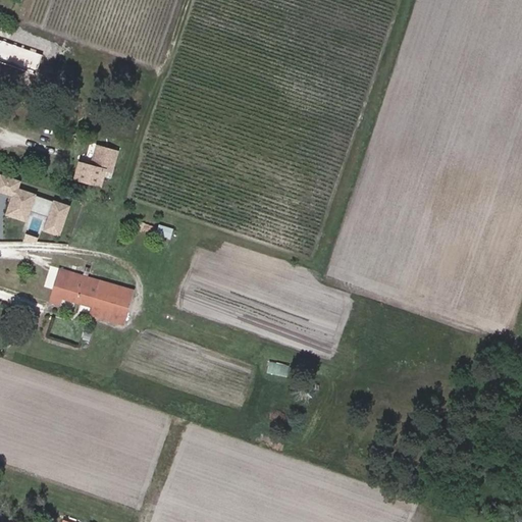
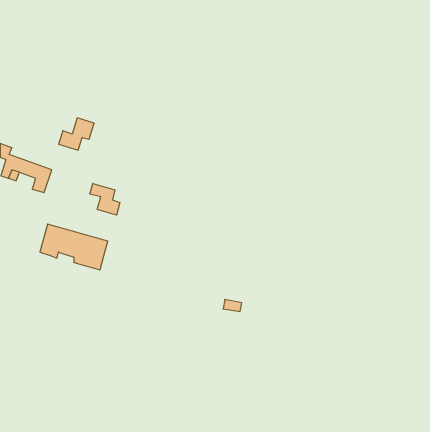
building: none -> [90,183,120,215]

